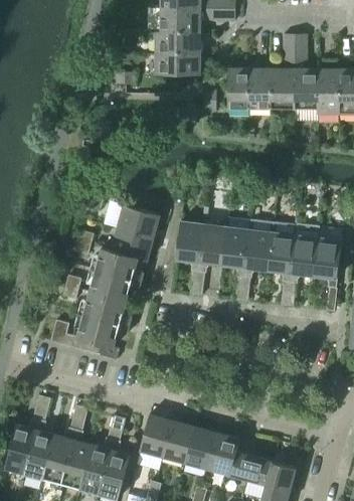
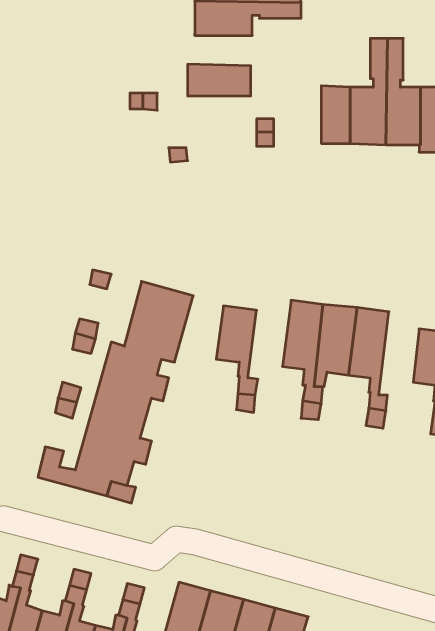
building: [155,31,200,53] -> none
building: [225,67,248,108] -> none
building: [289,223,319,284] -> none
building: [197,224,226,273] -> none

